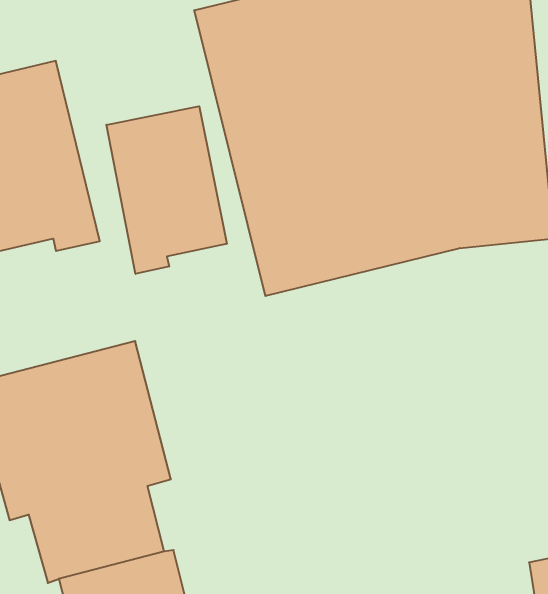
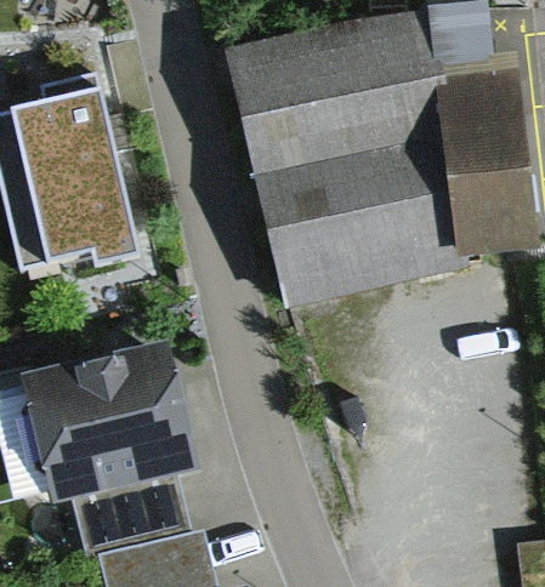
building: [106,106,227,274] -> none

